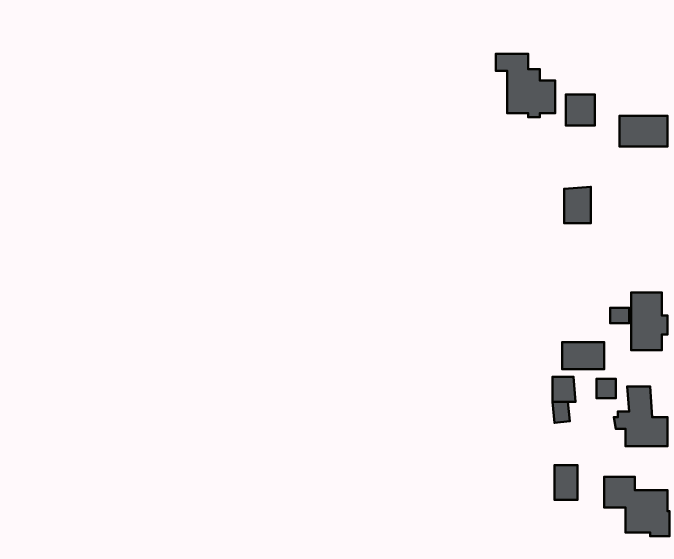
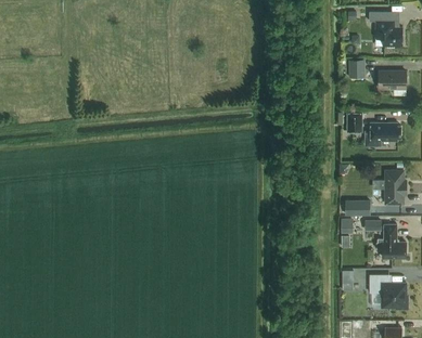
building: [496,54,555,117] -> [369,12,402,48]
building: none -> [370,122,400,141]

